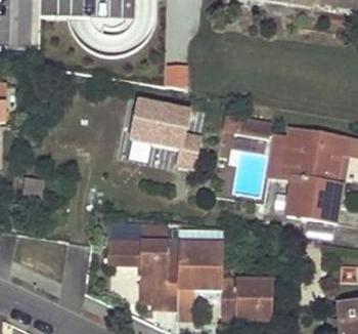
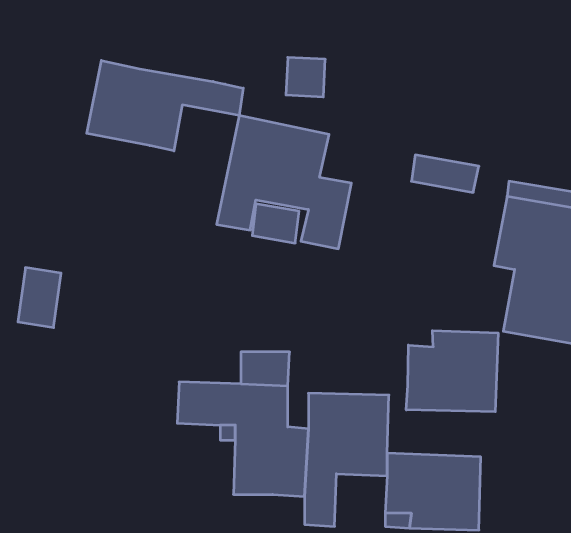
building: none -> [87,60,243,151]
building: none -> [406,331,498,412]

